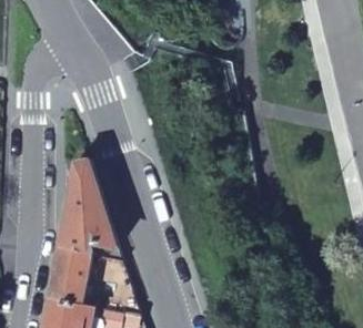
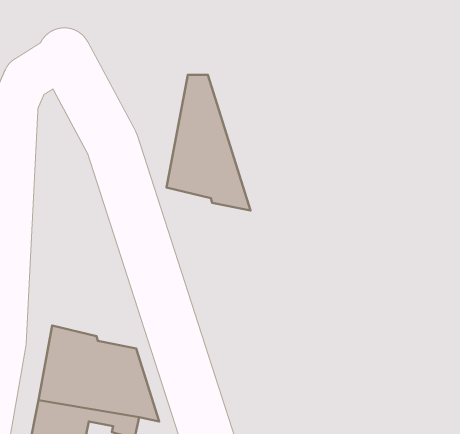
building: [58,160,119,258] -> [167,75,250,210]

